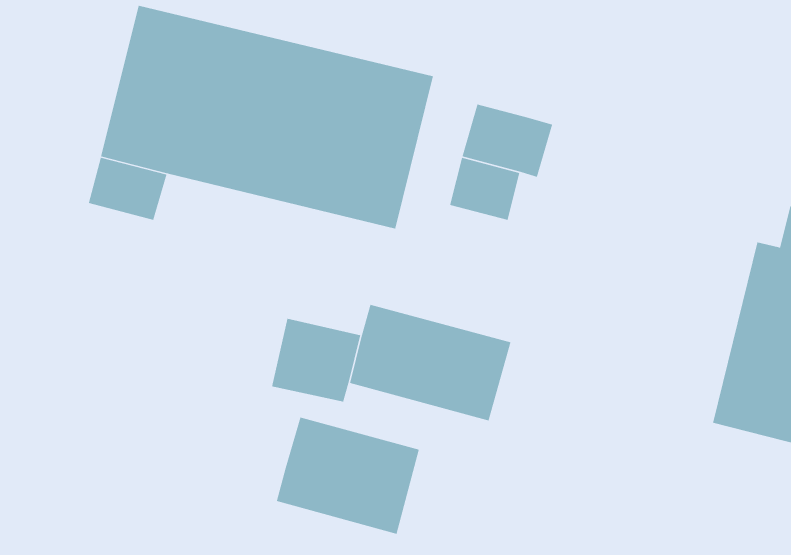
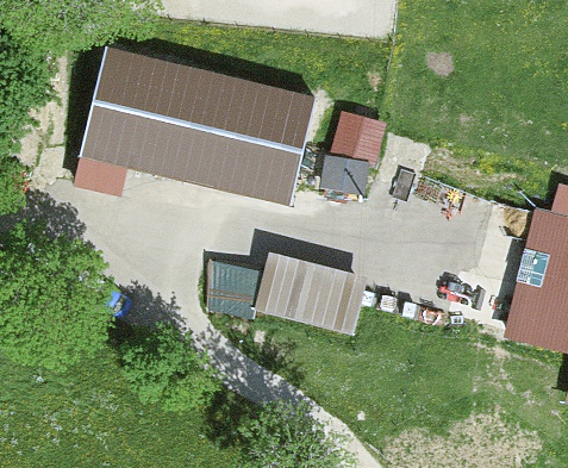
building: [276,416,420,535] -> none

